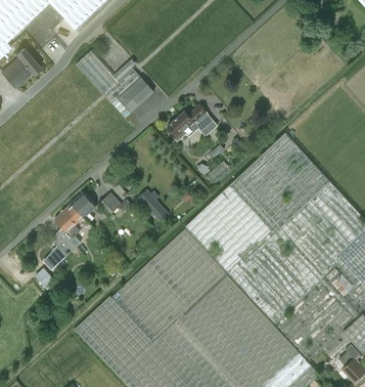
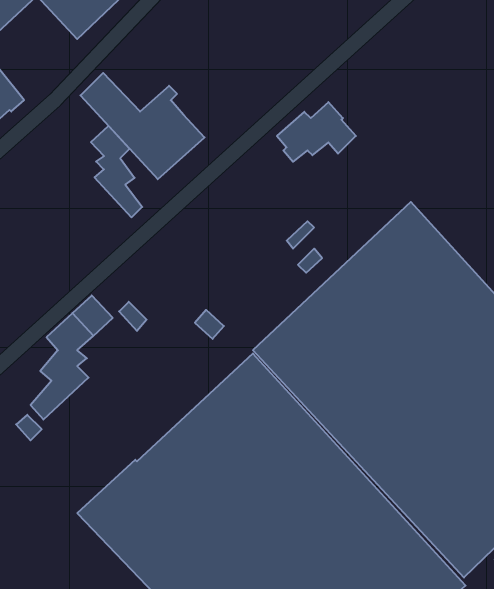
building: none -> [91,126,142,217]
building: [167,103,217,141] -> [277,102,356,162]

